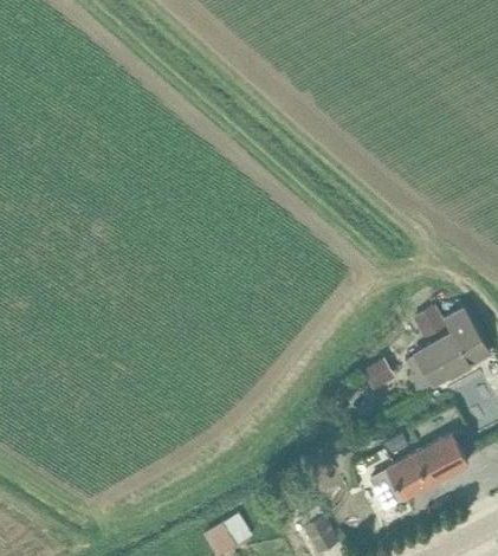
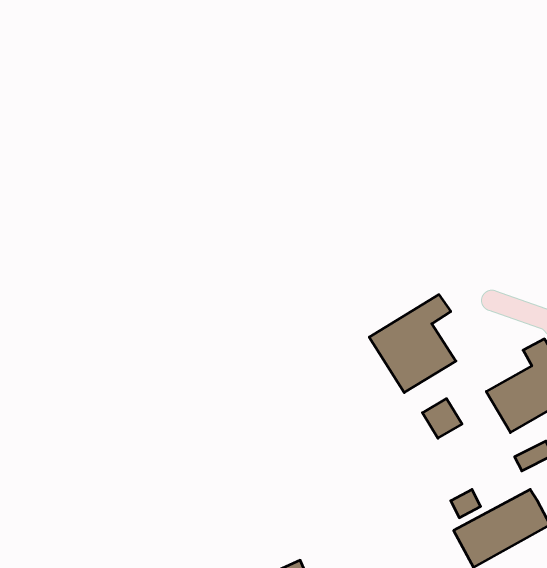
building: none -> [369,295,456,393]
building: [413,306,450,343] -> none

